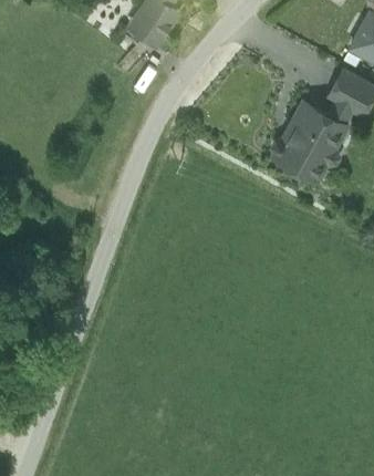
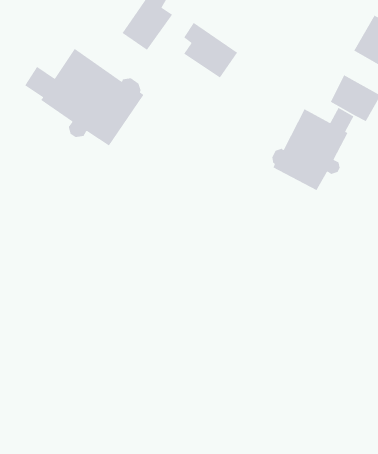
building: none -> [183,22,238,78]
building: none -> [24,48,144,146]

